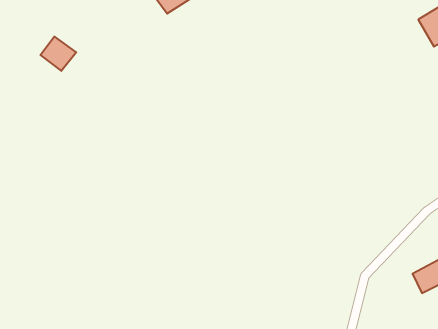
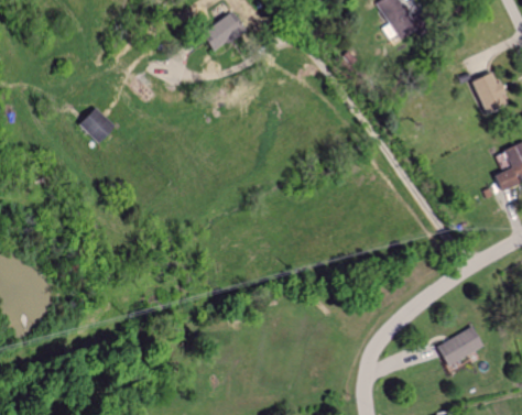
building: [40,37,76,71] -> [78,107,116,143]

